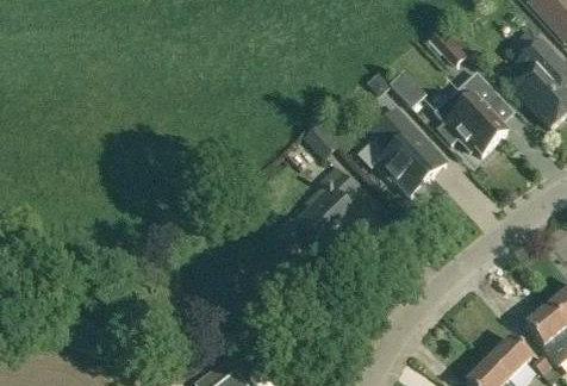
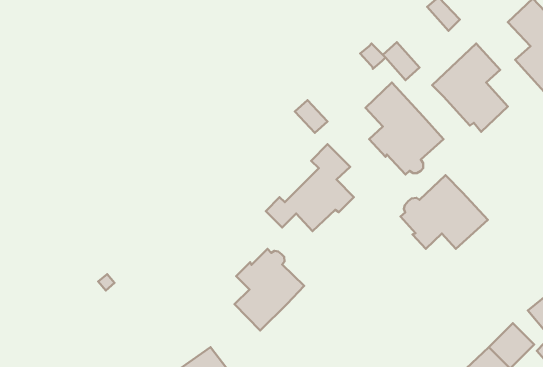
building: none -> [401,175,488,249]
building: none -> [235,249,304,331]

